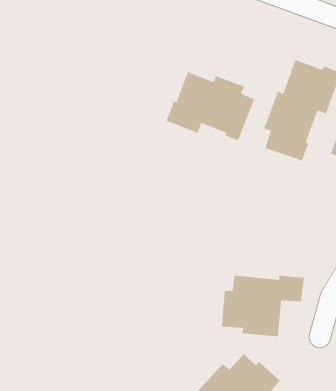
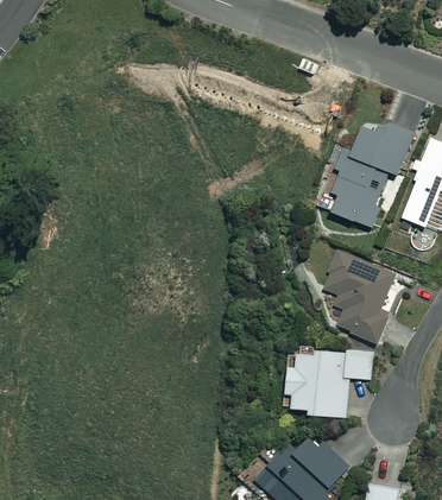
building: [166,71,255,141] -> none
building: none -> [324,252,396,342]

